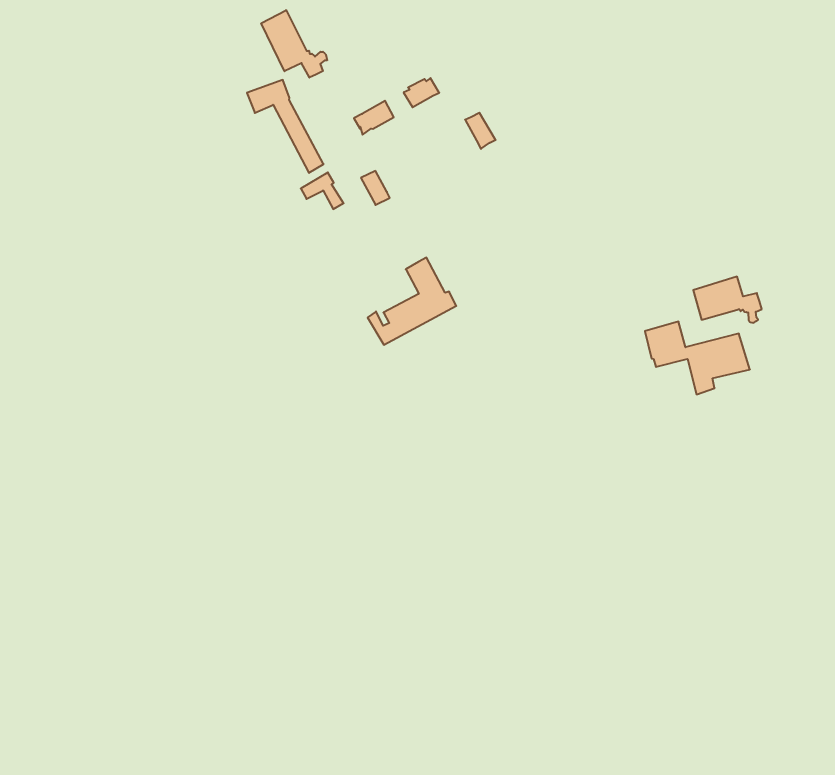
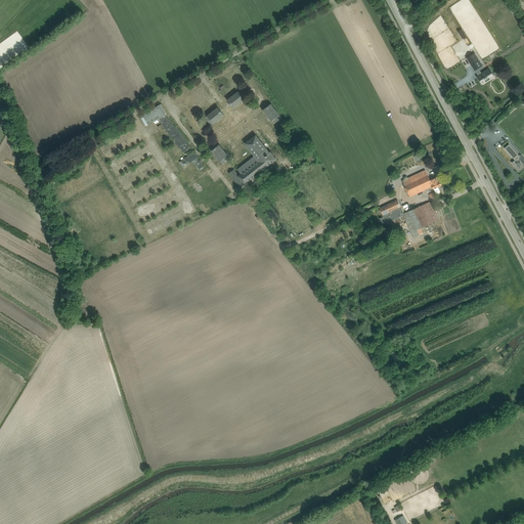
building: [261,10,327,78] -> none
building: [368,258,456,345] -> [229,135,276,186]

